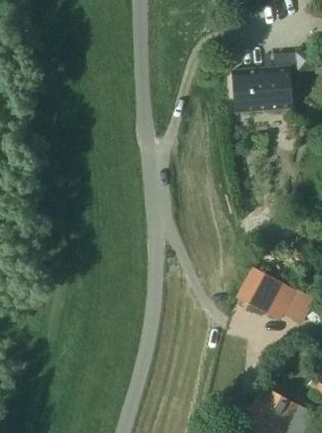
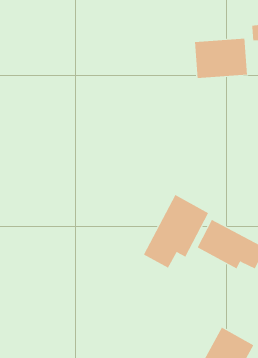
building: none -> [143,194,209,269]

